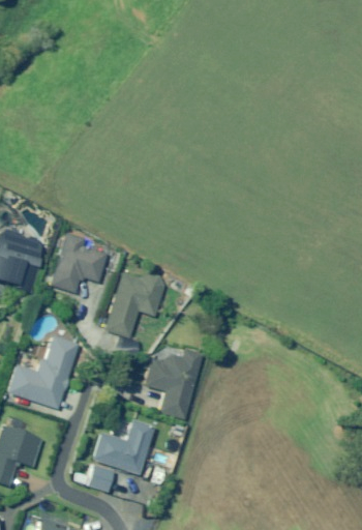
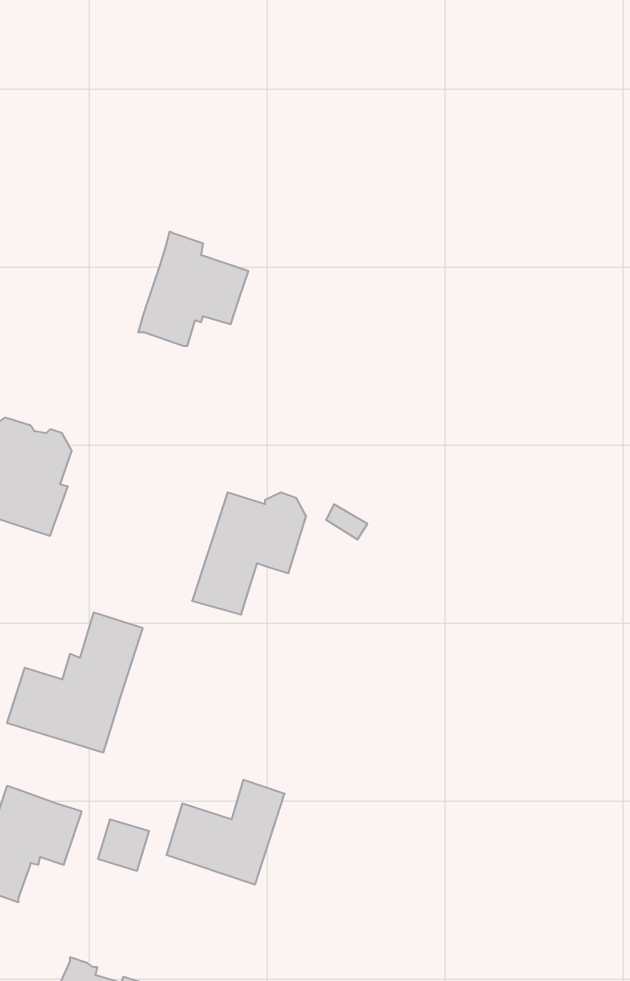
building: [50,231,108,291] -> [138,232,248,346]
building: [145,347,203,418] -> none
building: [87,467,114,494] -> [98,819,149,871]

